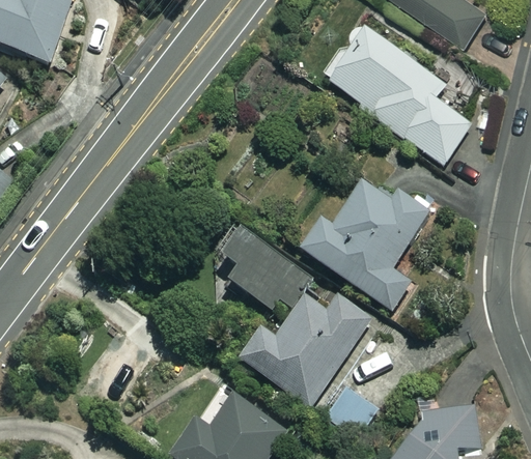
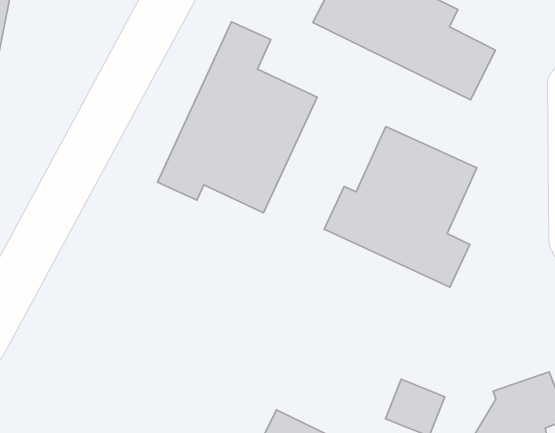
building: none -> [157,22,317,213]
building: [216,230,368,406] -> none

